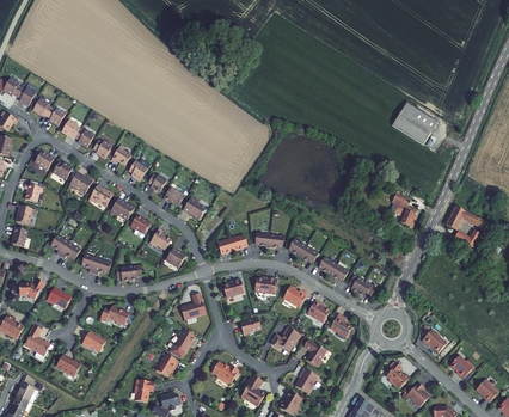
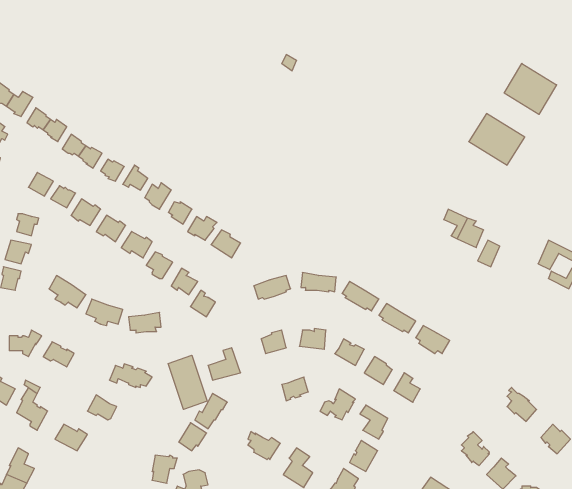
building: none -> [504,63,557,114]
building: none -> [168,355,207,409]

